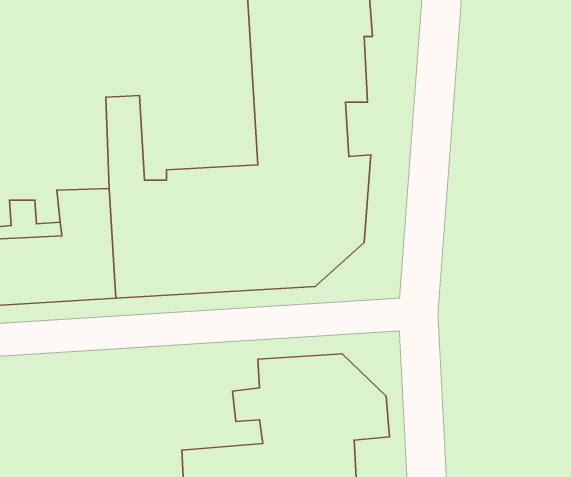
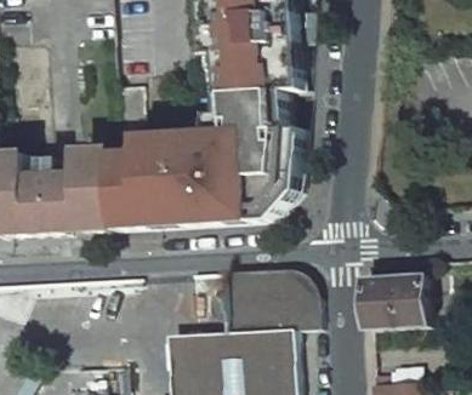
building: none -> [363,261,426,328]

